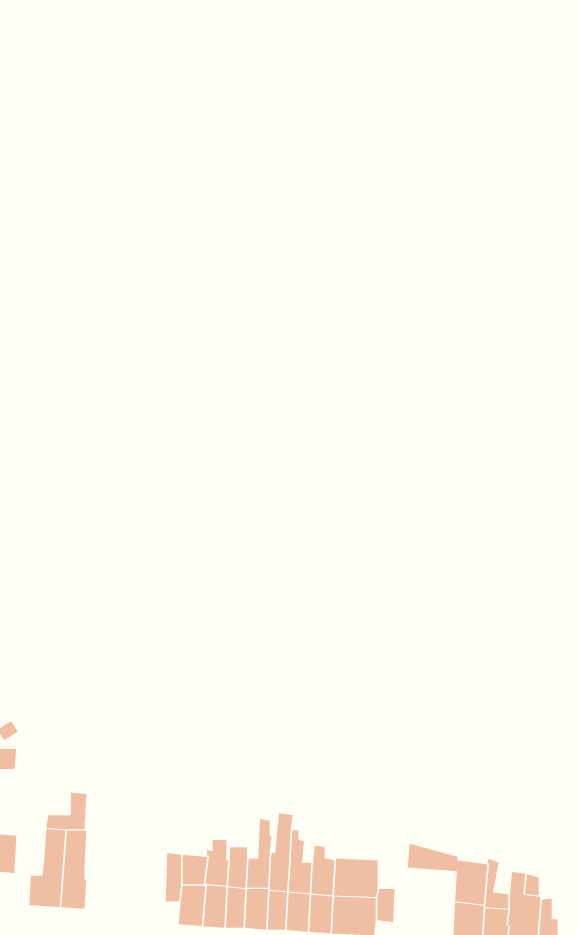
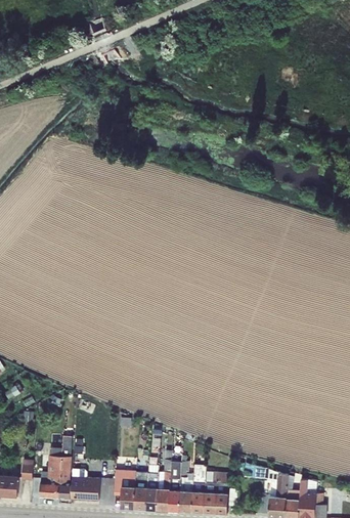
building: none -> [70,477,98,501]

